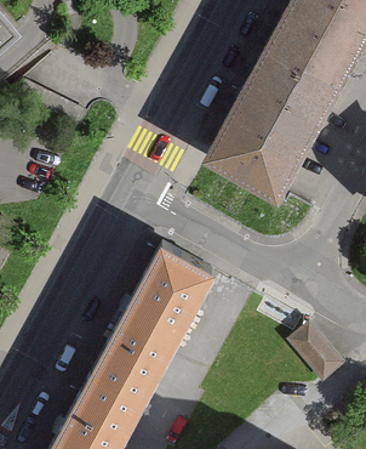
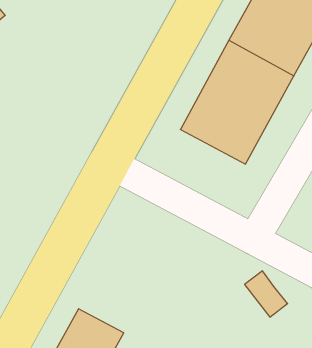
building: [92,246,210,394] -> none

